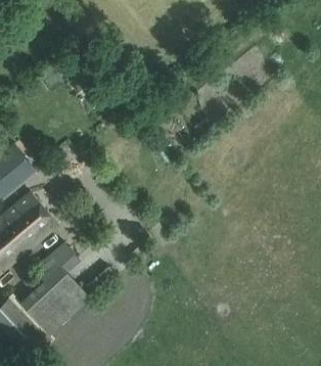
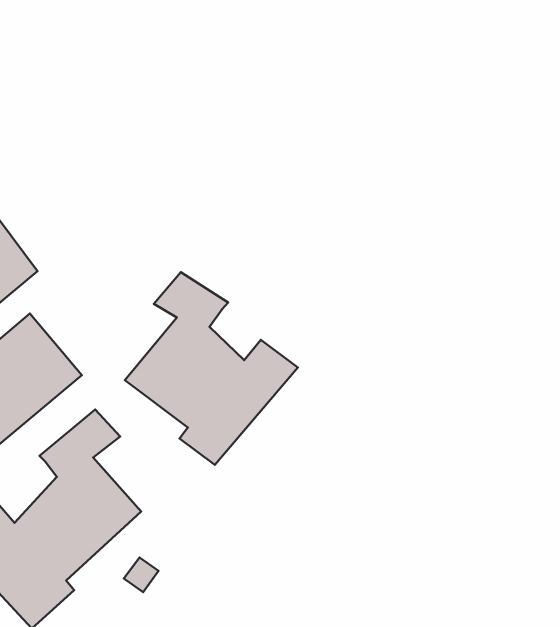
building: none -> [125,272,298,465]

